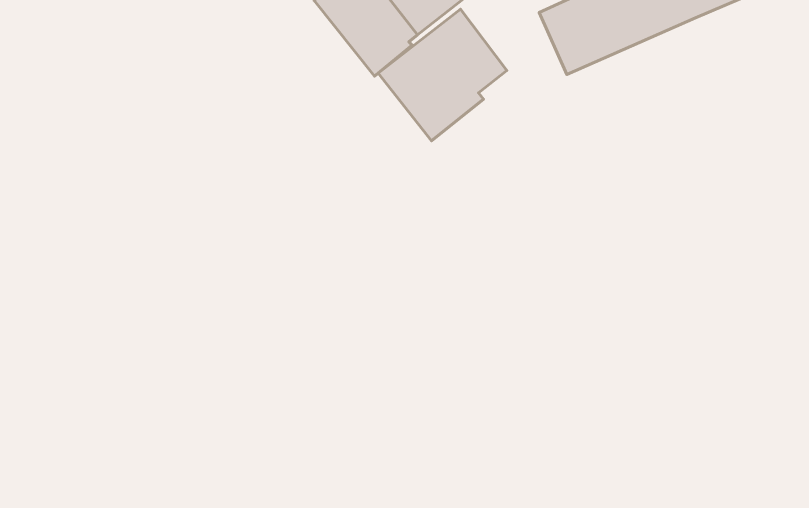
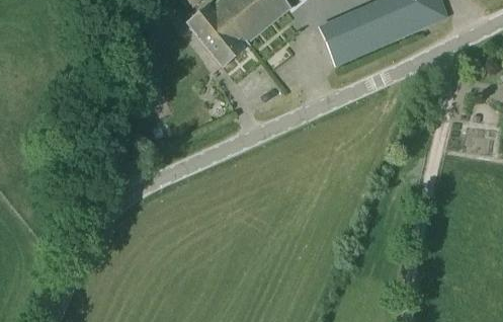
building: [378,9,507,141] -> none

